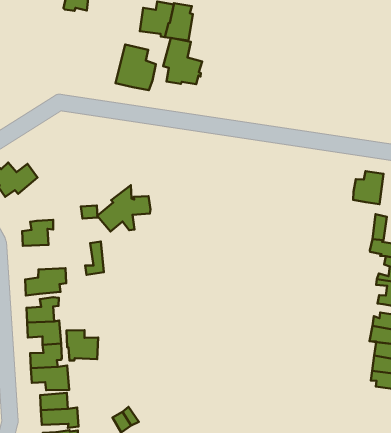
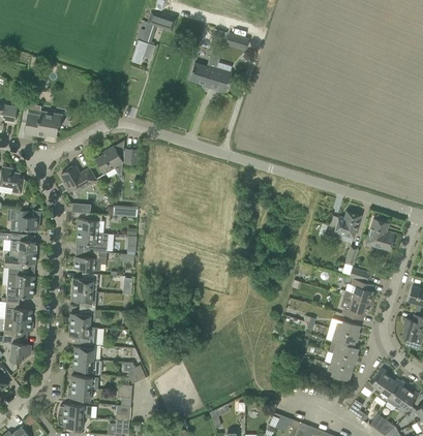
building: [163,38,202,84] -> none
building: [115,45,156,90] -> none
building: [97,185,151,231] -> [95,139,137,174]
building: none -> [75,230,107,252]
building: [66,330,98,361] -> none

